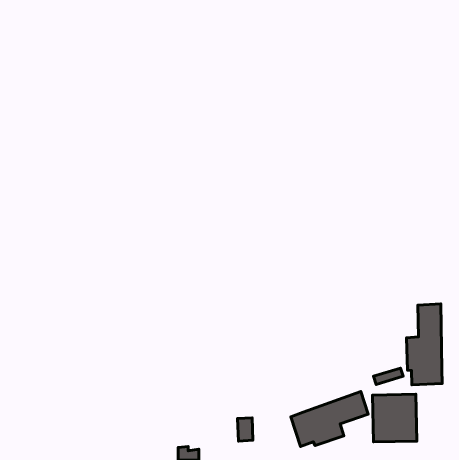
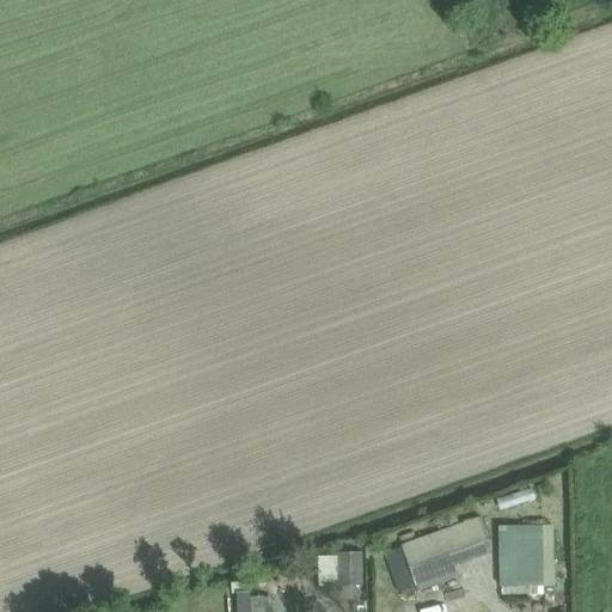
building: [407,304,442,385] -> none
building: none -> [339,552,365,585]

